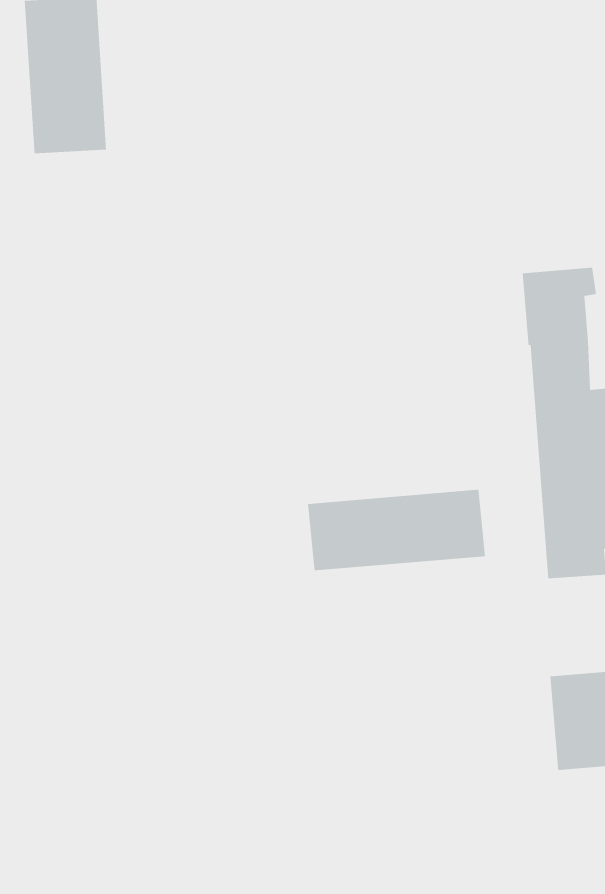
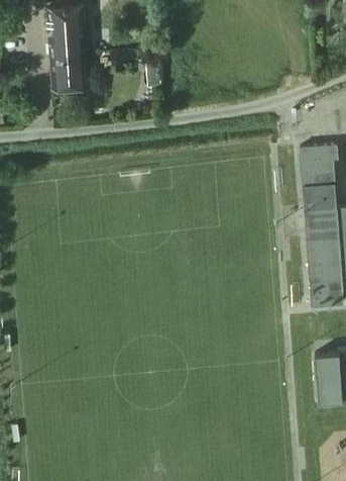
building: [307,489,486,571] -> none

